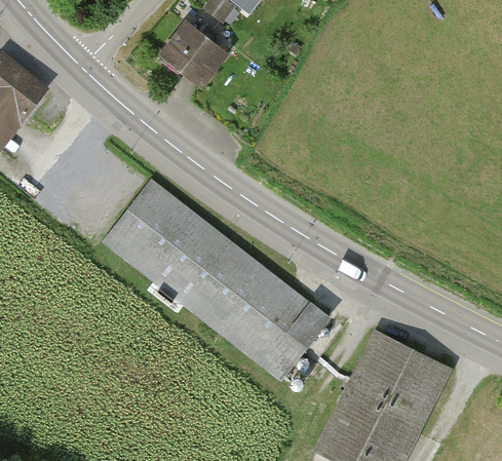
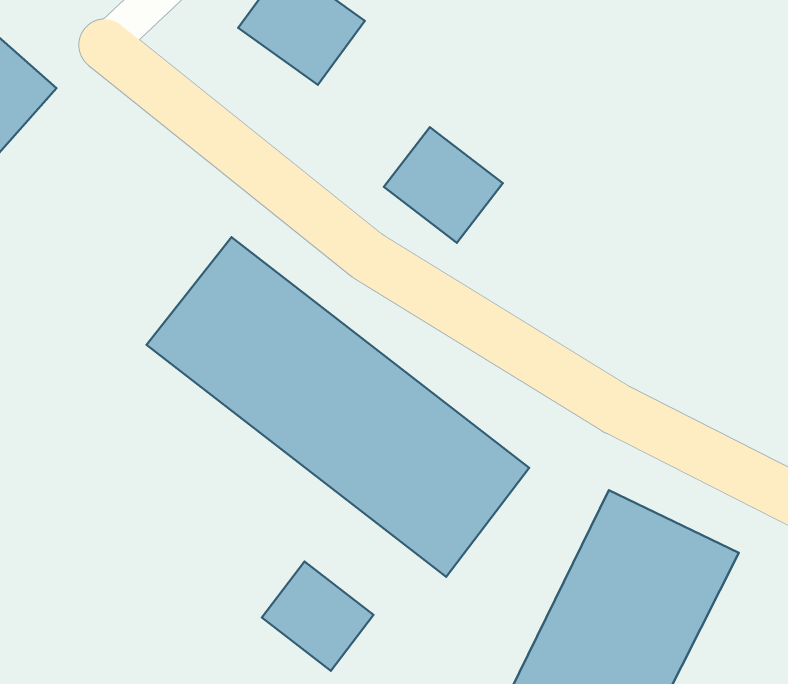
building: none -> [384,127,503,243]
building: none -> [262,561,373,671]

